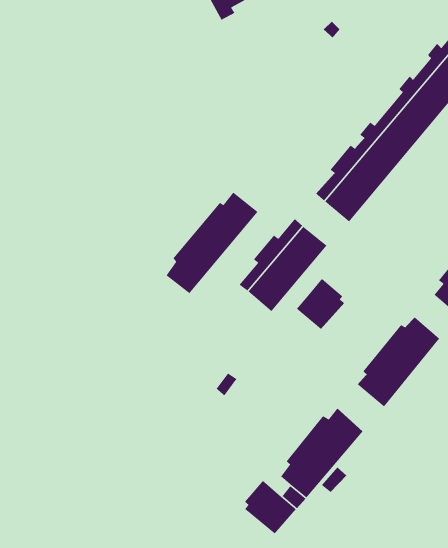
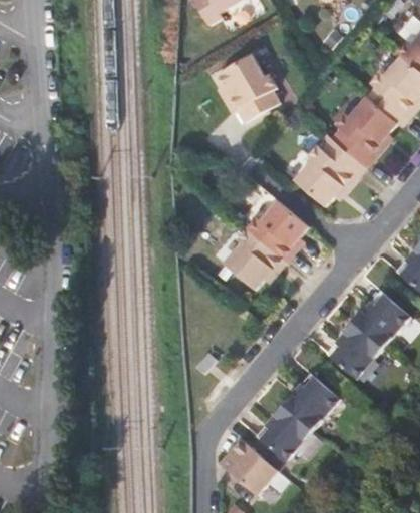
building: none -> [221,57,279,120]
building: [165,192,258,294] -> none
building: [296,278,345,330] -> none

